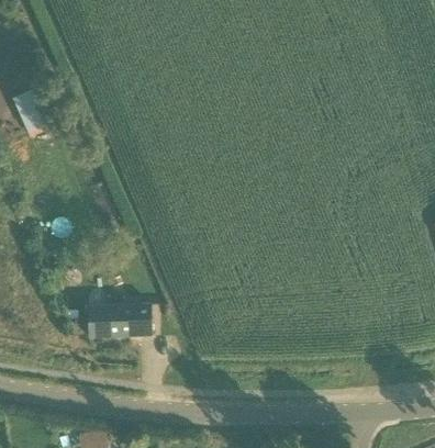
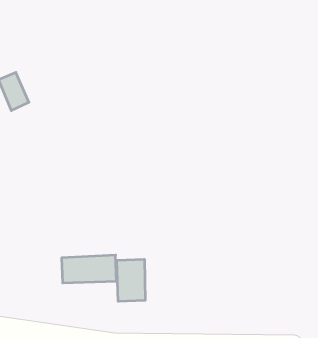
building: none -> [117,259,145,301]

